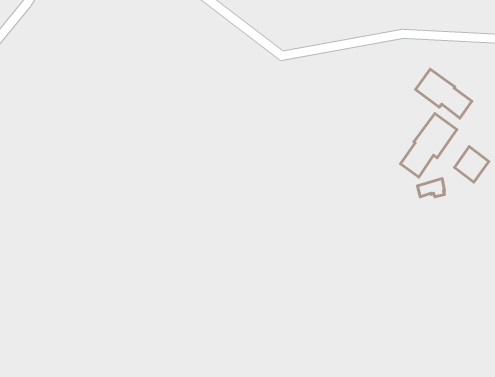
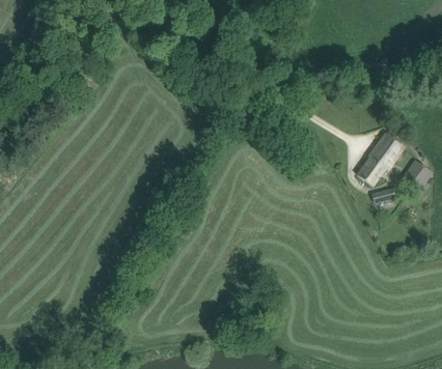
building: [416,69,472,118] -> none

